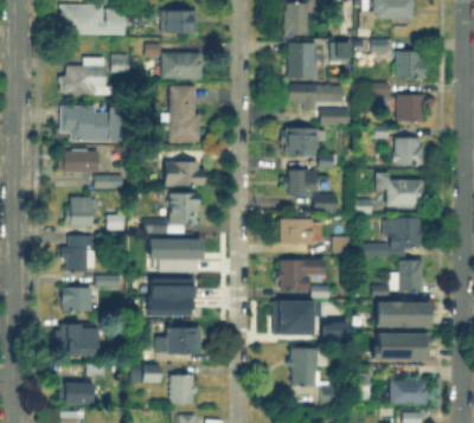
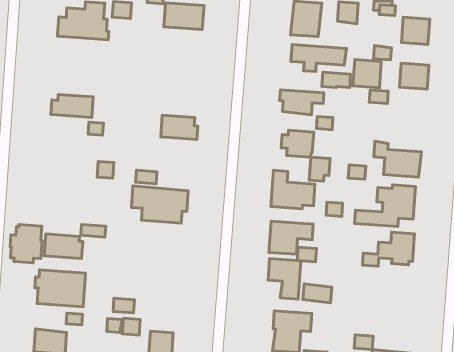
building: [169,85,200,141] -> none
building: [60,105,123,141] -> none
building: [396,137,422,164] -> [353,59,381,88]
building: [171,194,197,220] -> none
building: [66,197,94,223] -> none
building: [63,236,94,273] -> [10,224,42,263]
building: [143,275,190,313] -> none
building: [377,302,431,323] -> none
building: [156,326,200,354] -> none
building: [373,333,431,360] -> none

